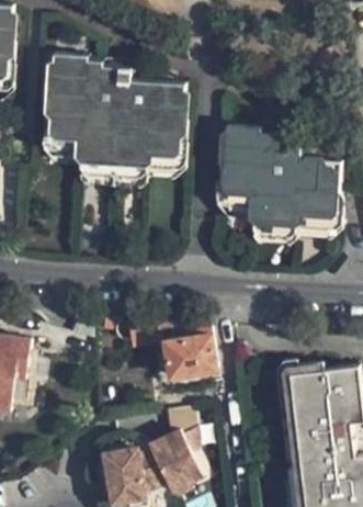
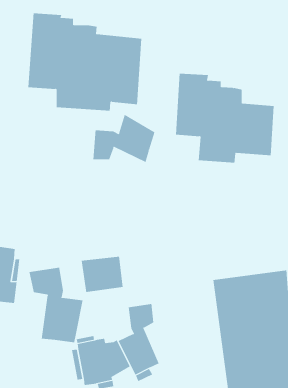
building: none -> [93,114,155,163]
building: [166,331,217,375] -> [81,256,124,293]
building: none -> [29,267,83,343]

